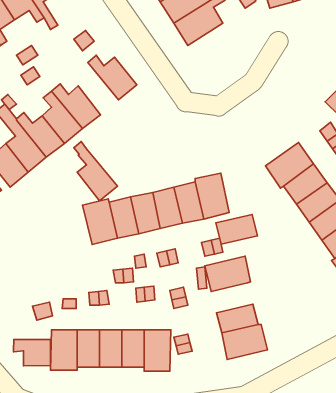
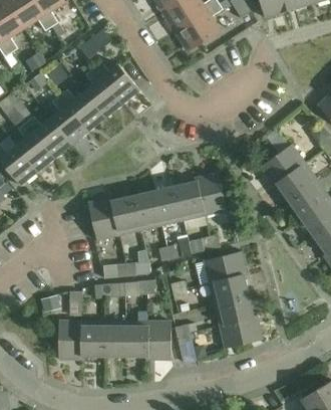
building: [74,141,117,201] -> [80,61,121,118]
building: [216,214,257,244] -> [209,276,248,304]
building: [14,339,51,366] -> none

